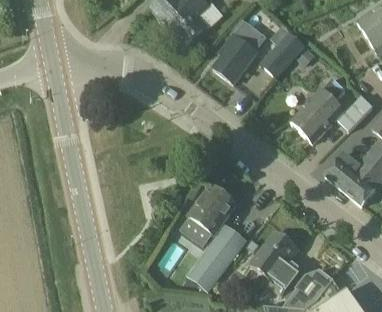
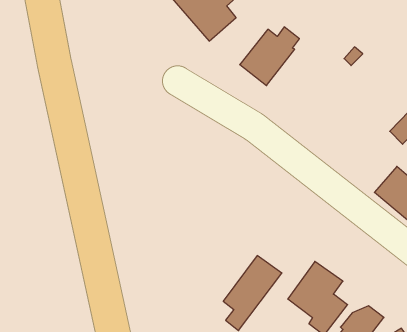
building: [260,25,305,77] -> none
building: [291,76,346,140] -> none
building: [178,183,237,242] -> none

